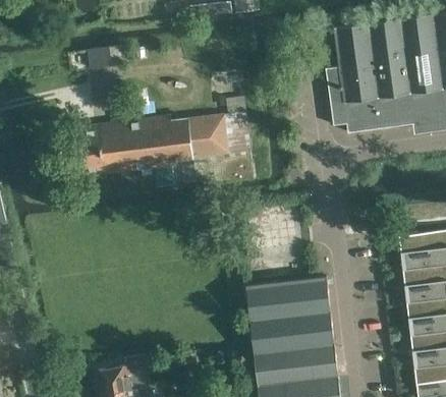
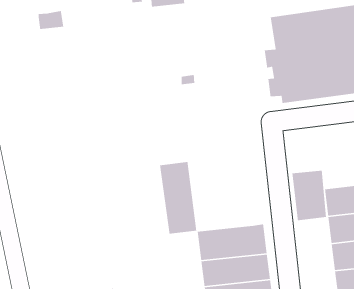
building: [88,47,119,70] -> [38,10,64,30]
building: [73,113,252,175] -> none
building: none -> [159,161,197,235]
building: none -> [291,170,327,221]

